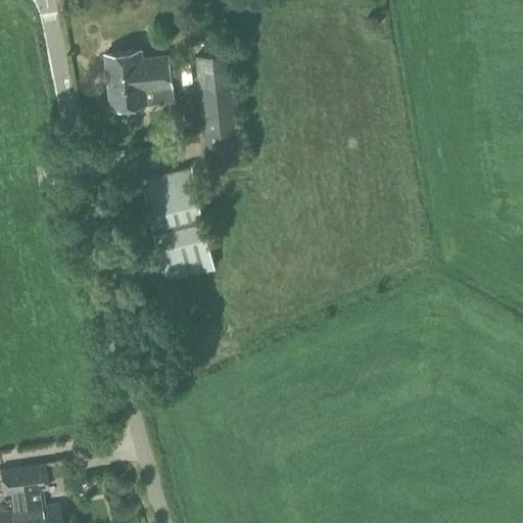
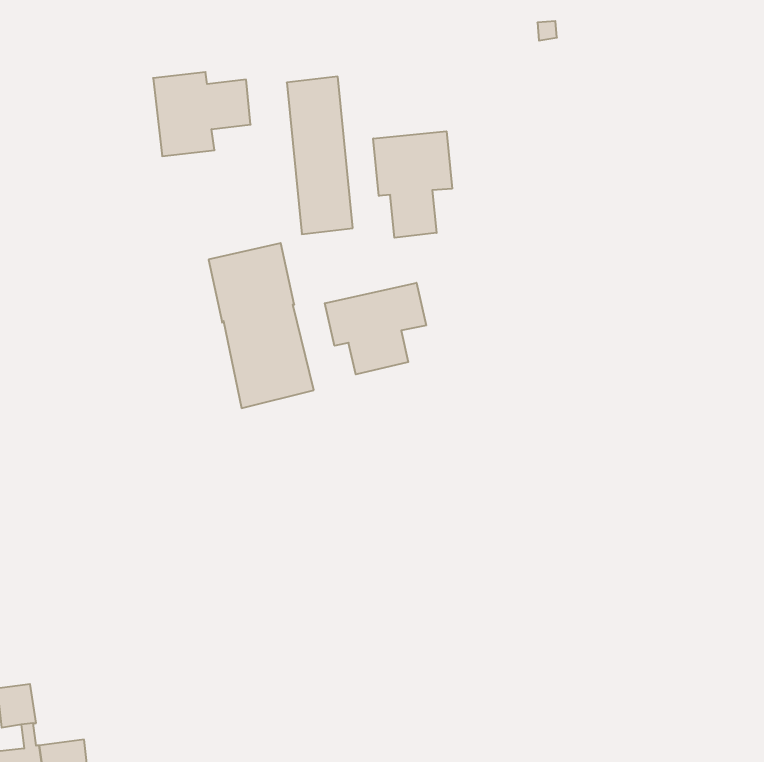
building: none -> [373,131,452,238]
building: none -> [325,283,426,374]
building: [20,466,47,495] -> none

